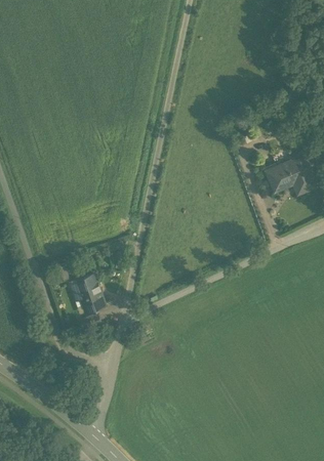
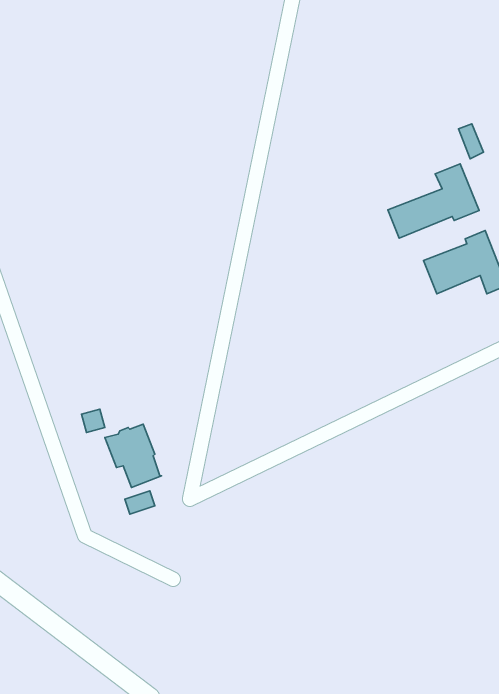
building: none -> [388,164,479,238]

